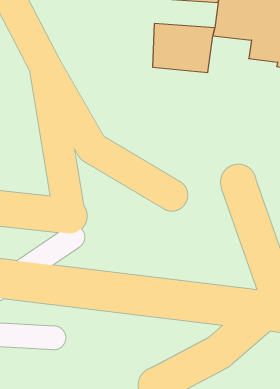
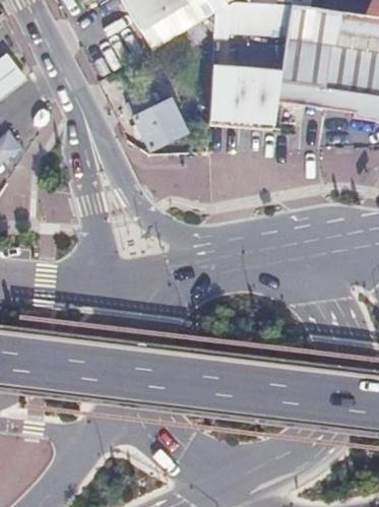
building: none -> [127,93,187,151]

